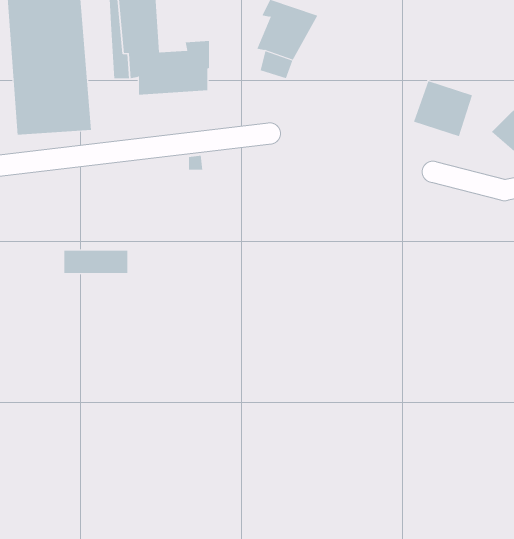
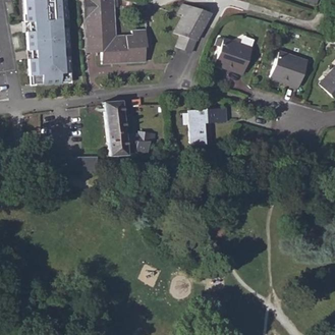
building: none -> [215,39,253,74]
building: none -> [104,100,157,156]
building: none -> [189,108,227,146]

